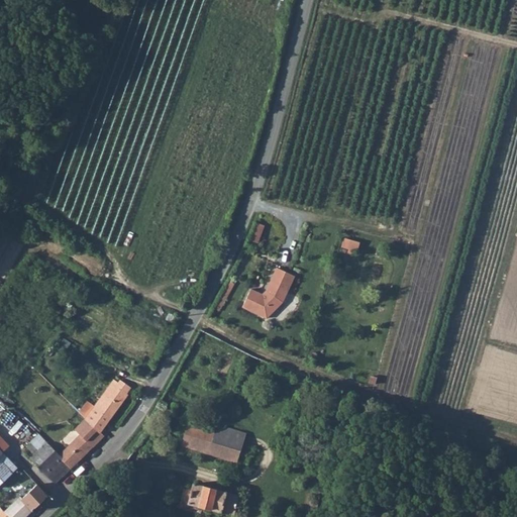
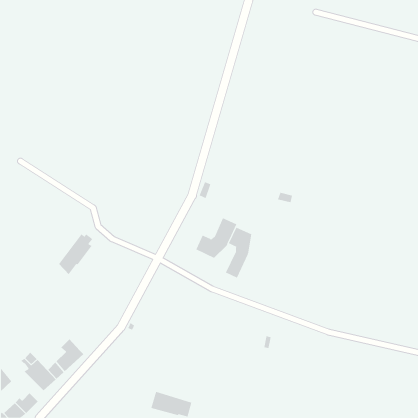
building: none -> [225,227,252,279]
building: [86,381,129,432] -> [58,234,93,275]
building: [182,422,247,461] -> none

